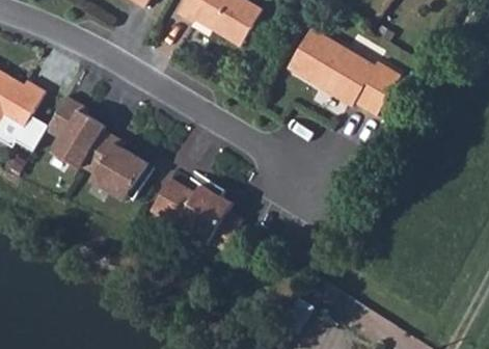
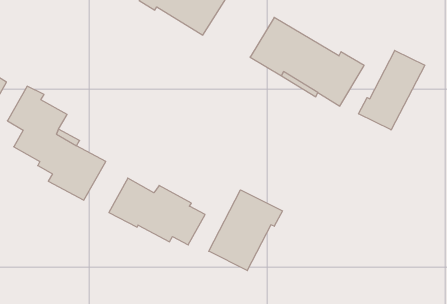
building: none -> [359,50,425,130]
building: none -> [209,190,282,271]

